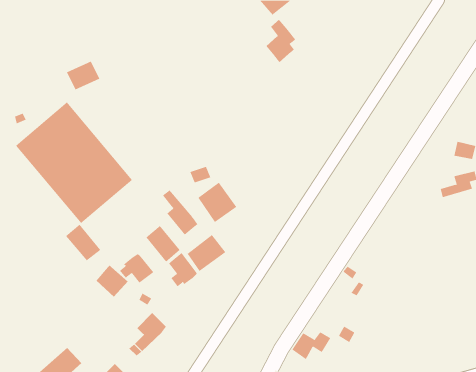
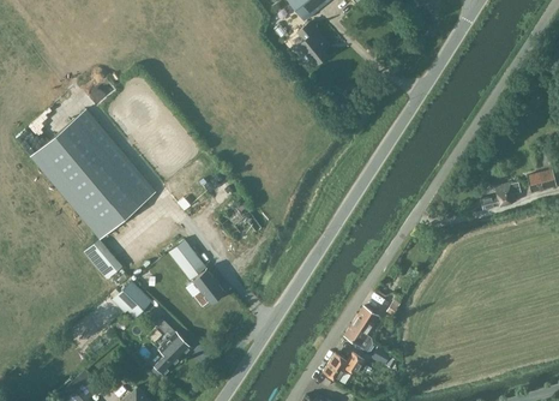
building: [162,189,198,236] -> none
building: [187,234,226,272] -> none
building: [119,253,154,283] -> none
building: none -> [344,306,380,352]

